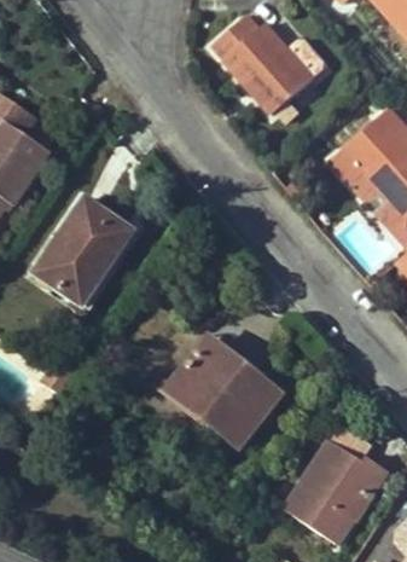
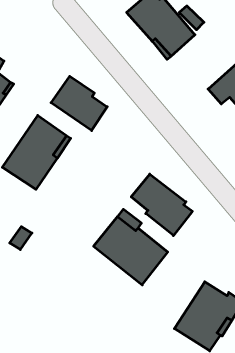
building: none -> [51,76,107,131]
building: none -> [131,174,192,236]

